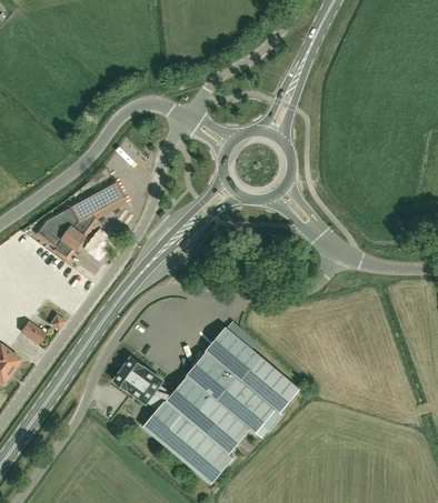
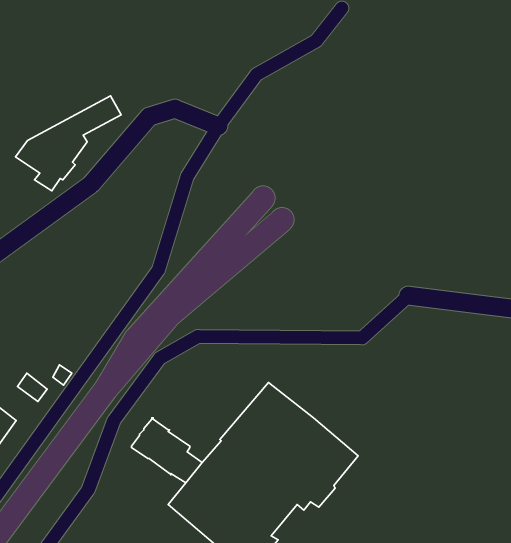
building: [37,182,123,260] -> [15,96,121,191]

